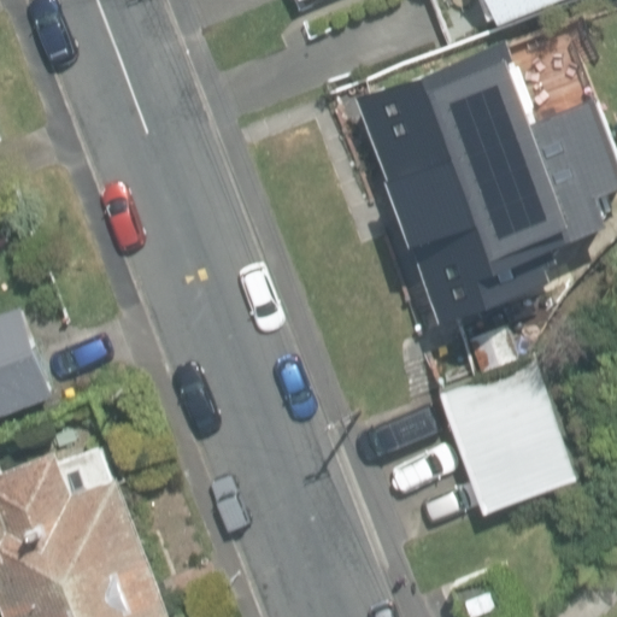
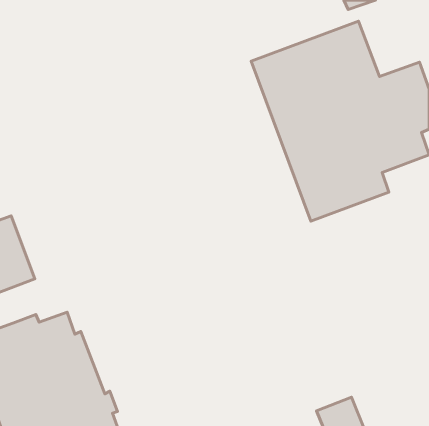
building: [436,363,575,517] -> none

